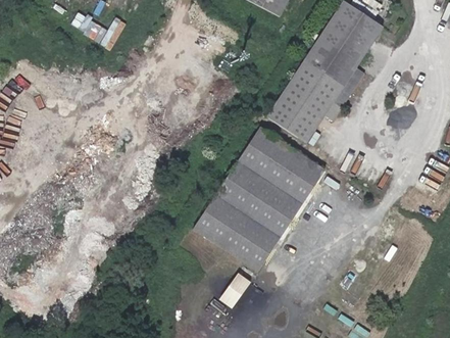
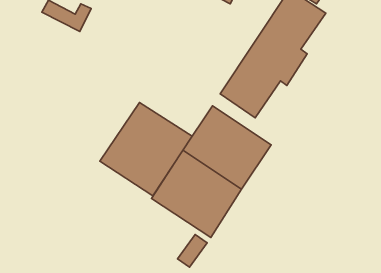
building: none -> [100,102,192,196]

